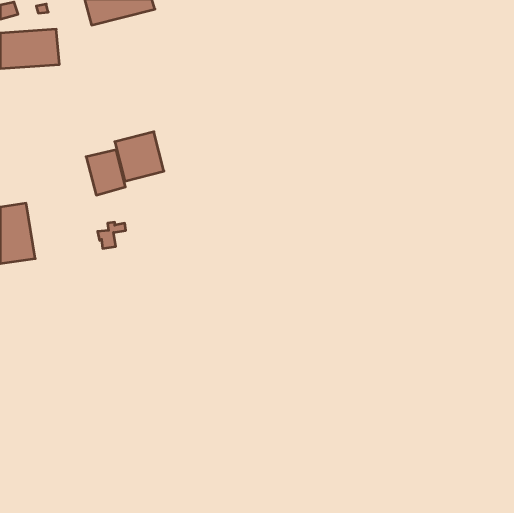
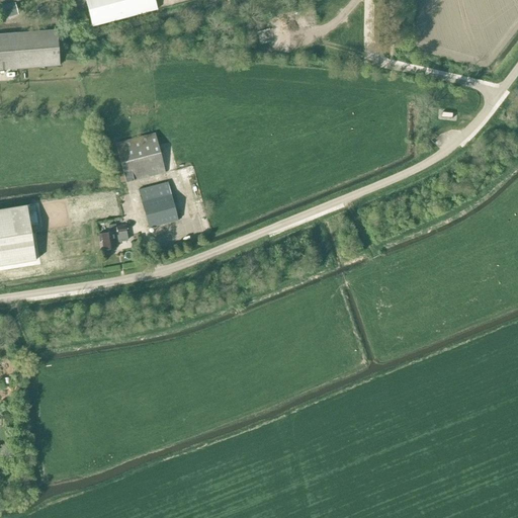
building: [86,150,125,195] -> [138,182,177,228]

